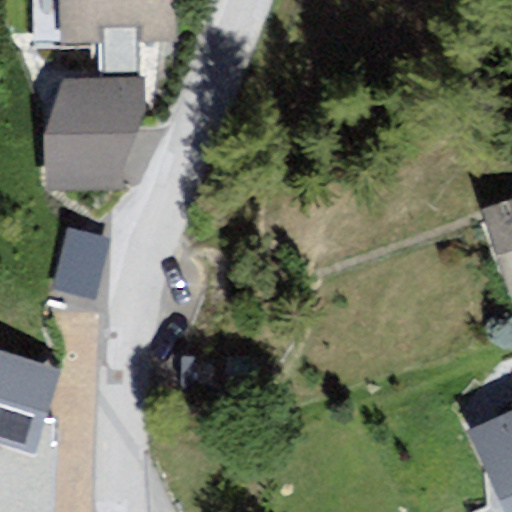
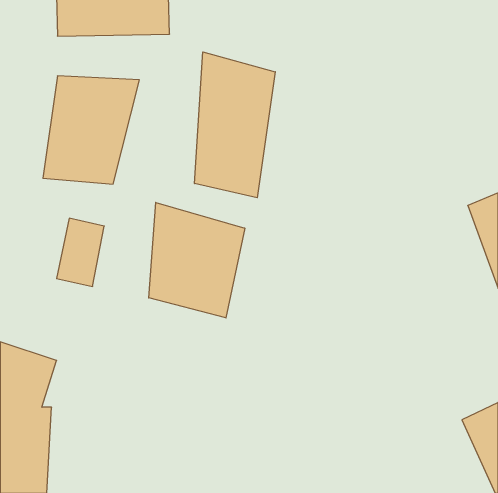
building: none -> [195,52,275,198]
building: none -> [149,202,245,318]

